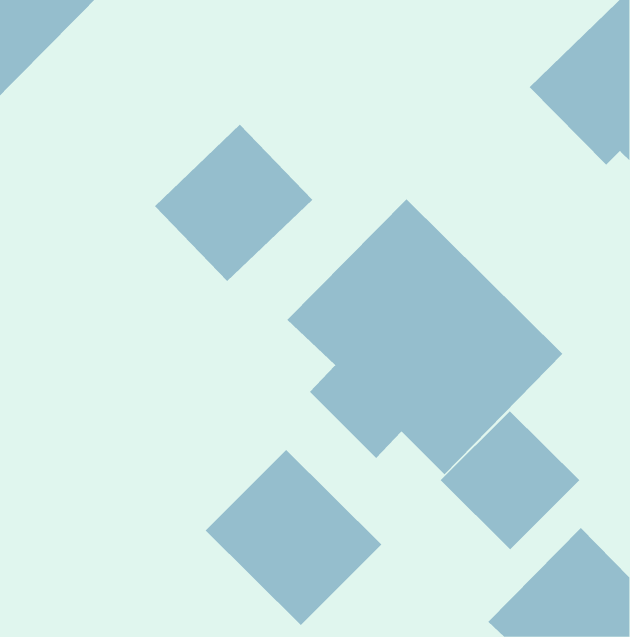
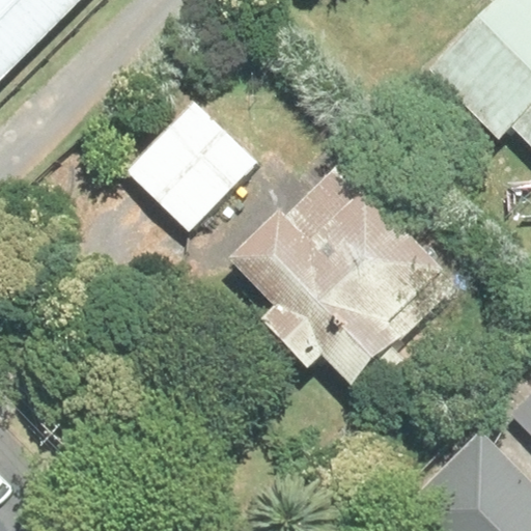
building: [440,410,580,550] -> none
building: [205,449,382,626] -> none

